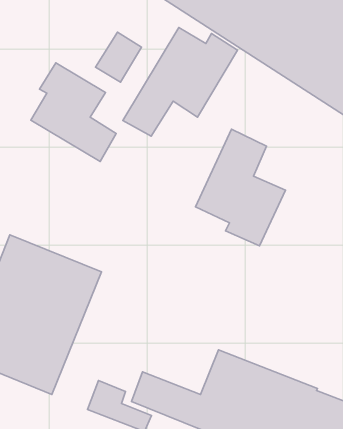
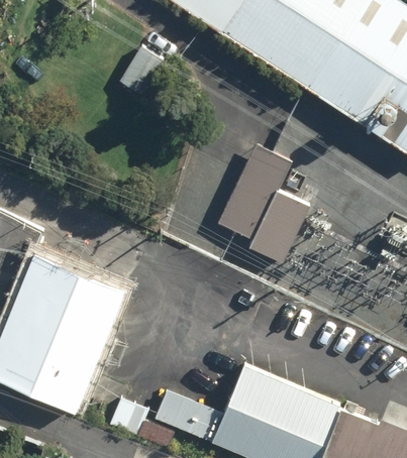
building: [123,28,238,136] -> none
building: [31,63,116,162] -> none

